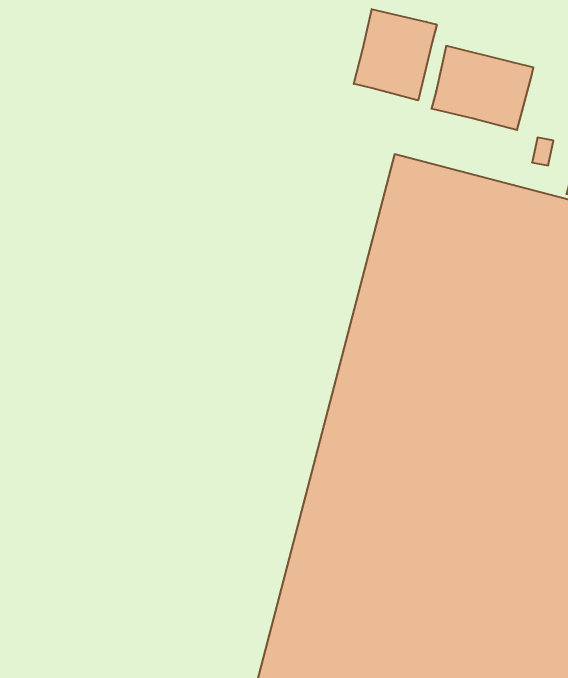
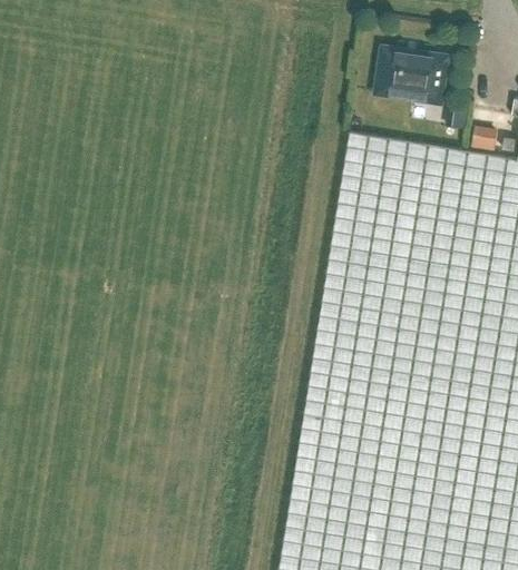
building: [354,9,437,100] -> none

